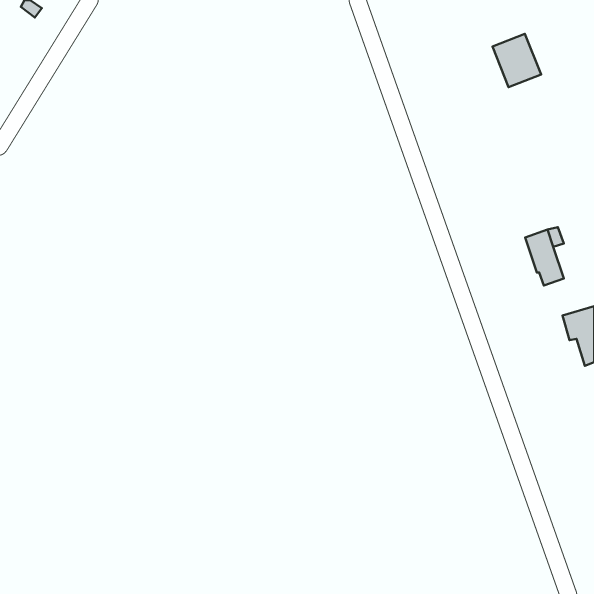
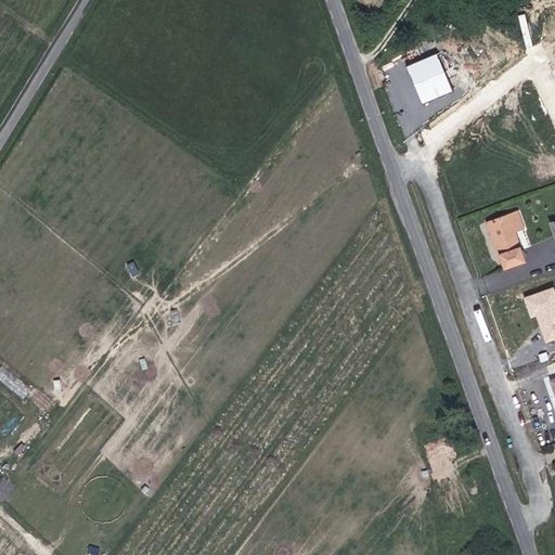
building: [492,34,541,87] -> [406,53,452,103]

